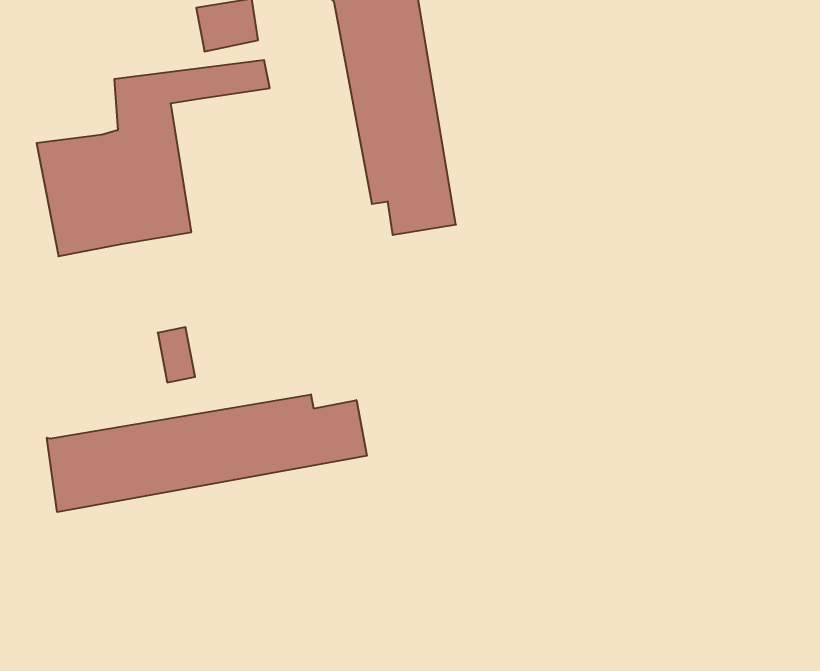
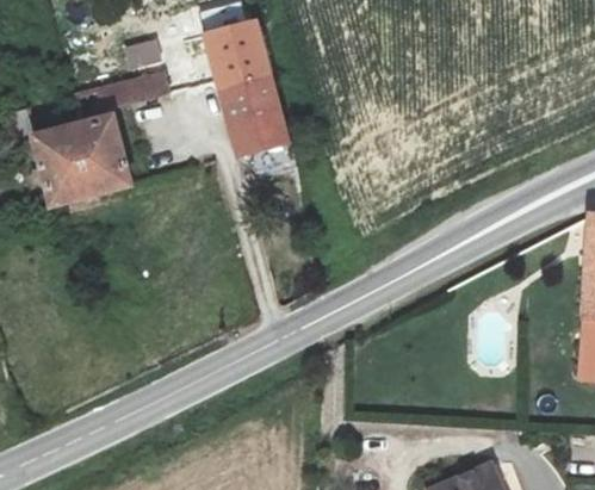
building: [47,394,367,512] -> none

